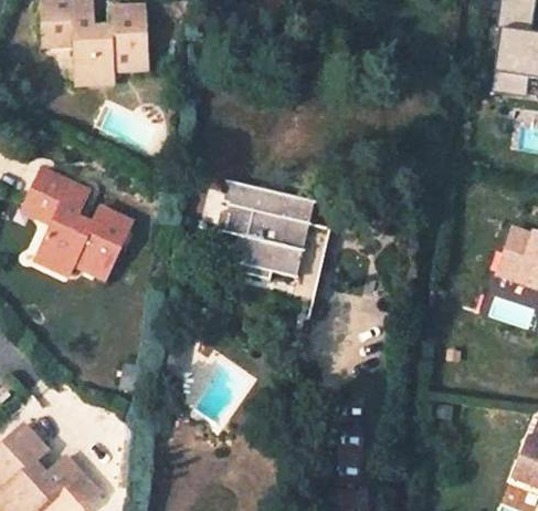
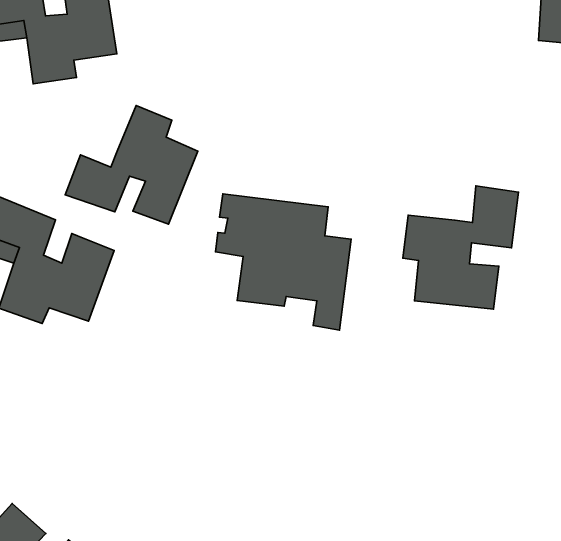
building: none -> [65,105,198,224]
building: none -> [403,186,519,309]

